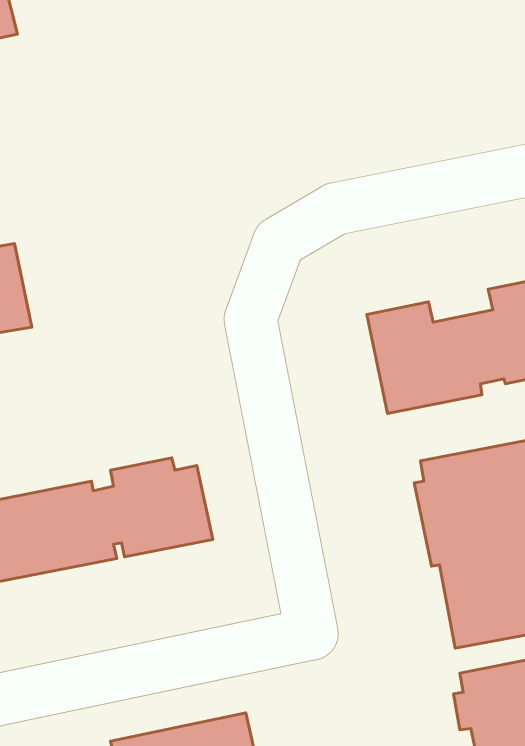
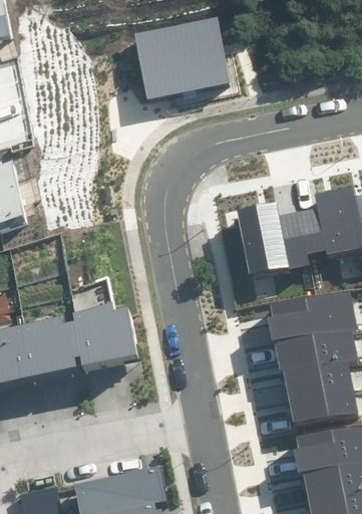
building: none -> [132,17,230,99]

